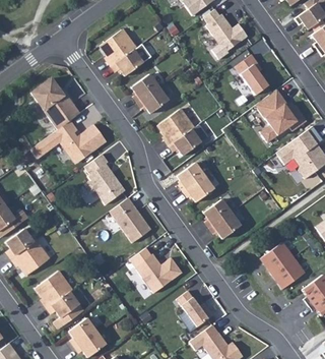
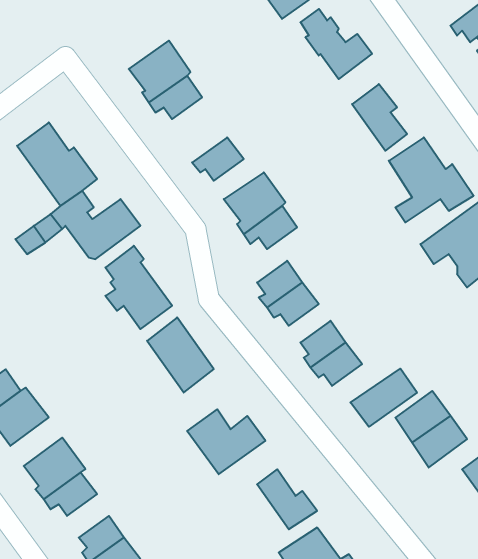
building: [131,74,158,103] -> none
building: none -> [350,369,417,427]

